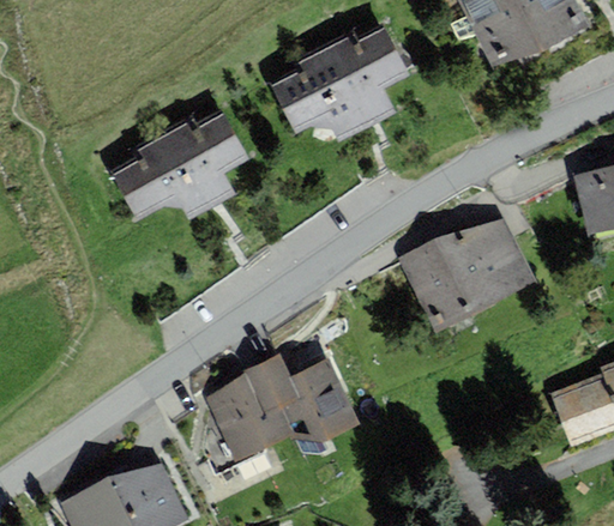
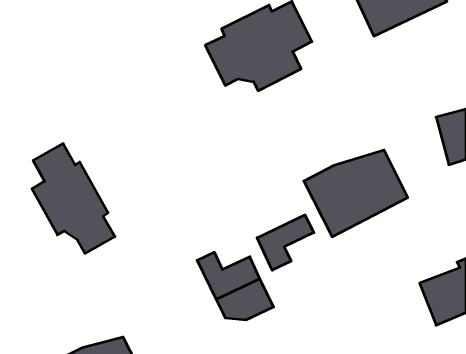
building: [112,109,248,220] -> none
building: none -> [32,144,115,253]
building: none -> [257,215,314,270]
building: [205,363,294,461] -> none

